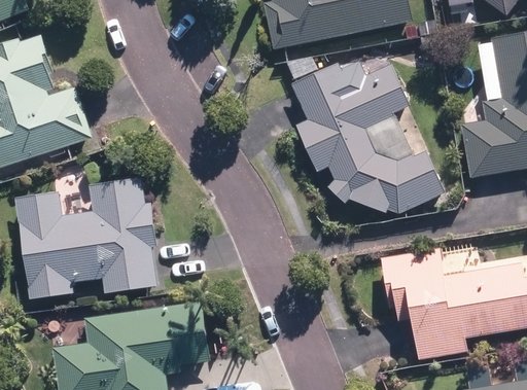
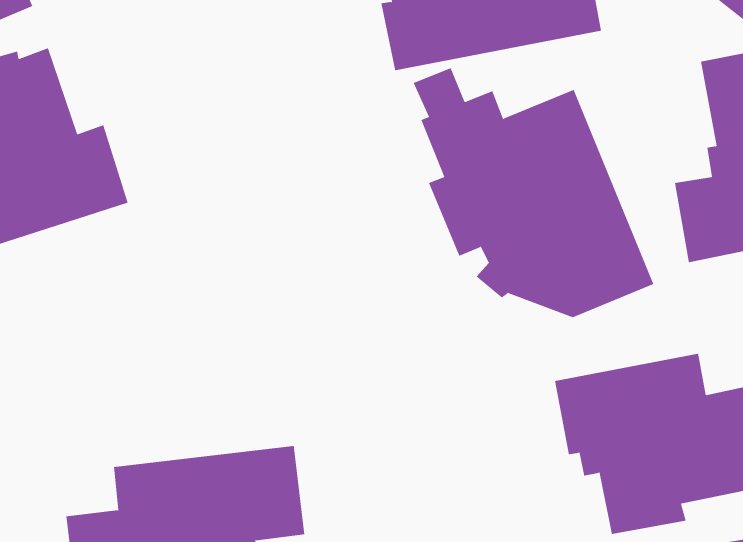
building: [15,179,160,302] -> none

